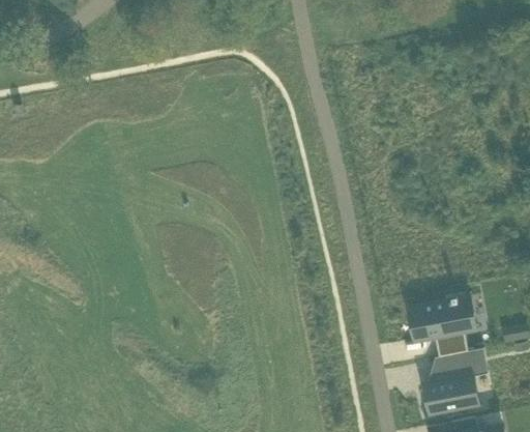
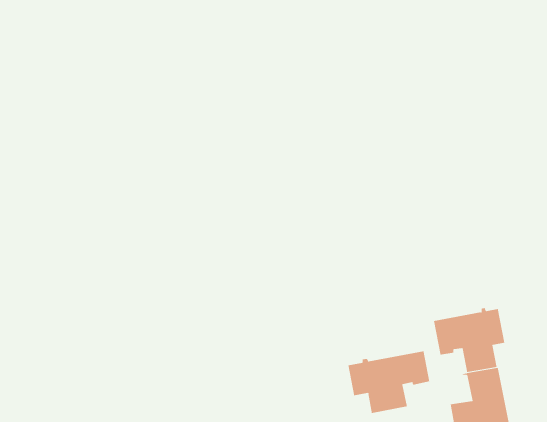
building: none -> [348,350,430,414]

